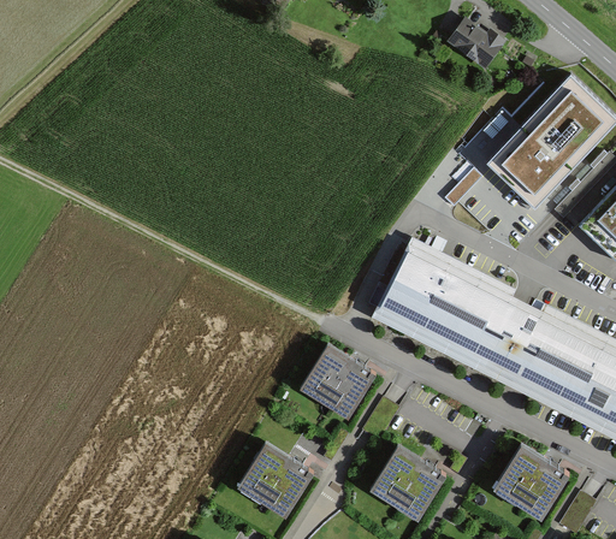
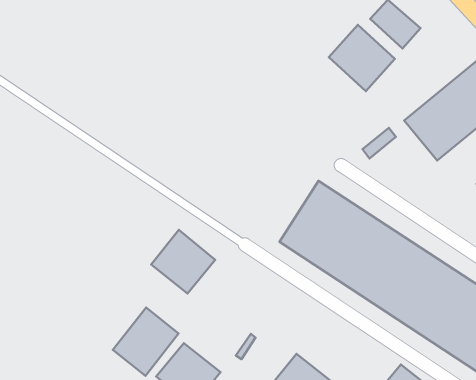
building: none -> [329,25,395,91]
building: [302,346,377,420] -> [151,230,215,294]
building: none -> [113,308,179,376]

